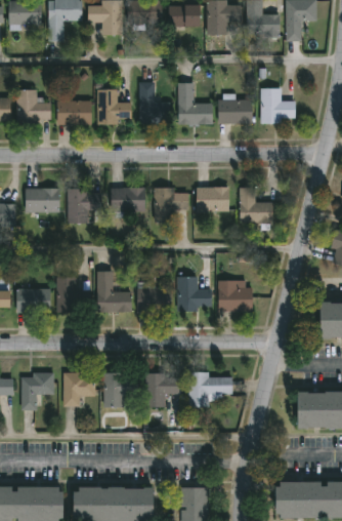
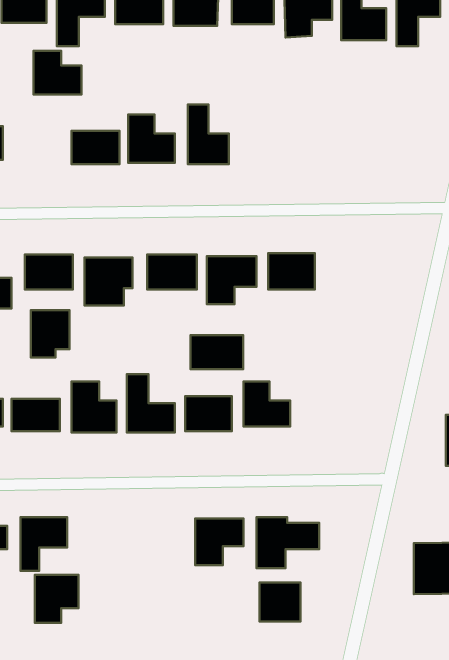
building: [177,83,211,123] -> none
building: [260,88,294,123] -> none
building: [16,90,50,121] -> [34,51,82,95]
building: [217,99,251,123] -> none
building: [240,188,271,225] -> none
building: none -> [31,310,70,358]
building: none -> [190,335,243,369]
building: [217,281,251,312] -> none
building: [63,372,94,406] -> [35,575,79,623]
building: [103,372,136,408] -> none
building: none -> [260,582,301,622]

